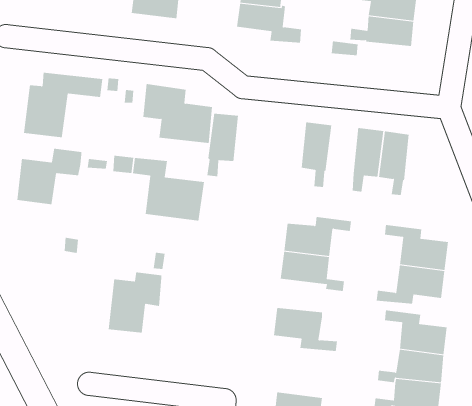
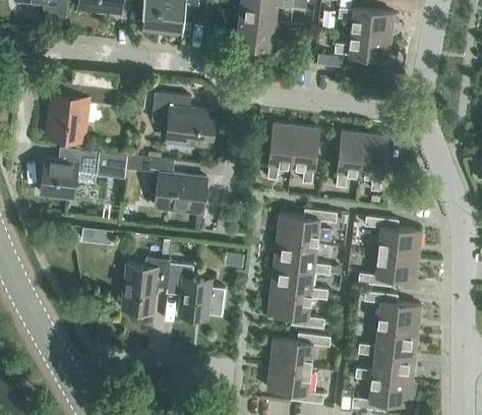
building: [206,113,239,177] -> [267,123,296,179]
building: none -> [167,262,212,317]
building: none -> [270,263,328,299]
building: none -> [270,334,330,368]

